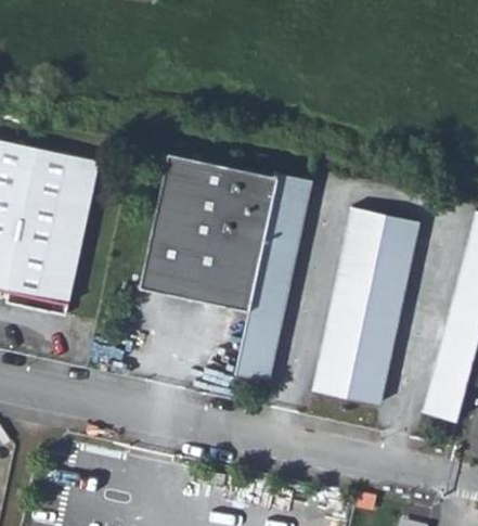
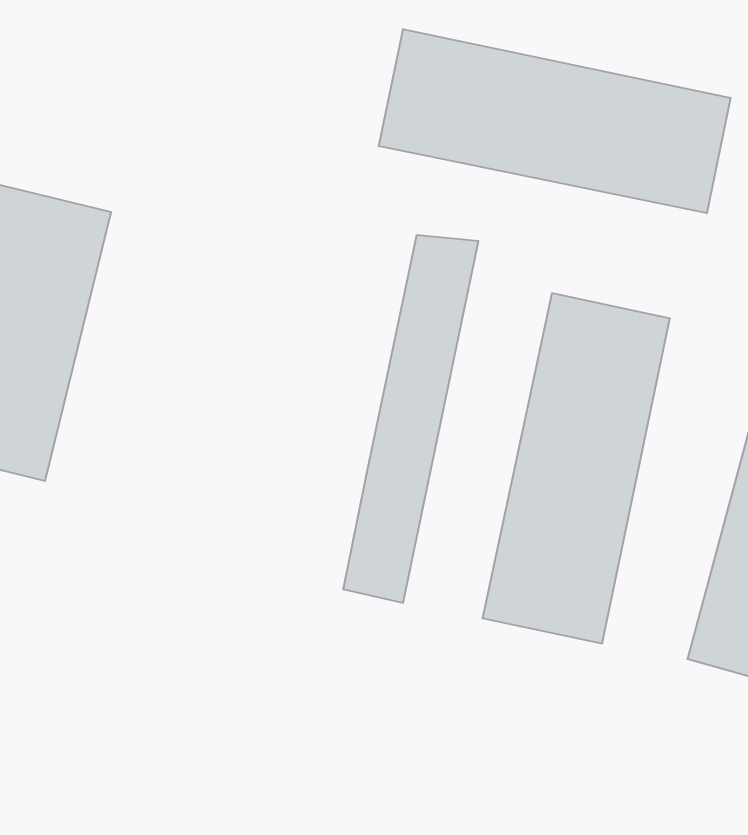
building: none -> [379,29,730,213]
building: [135,153,274,311] -> none

